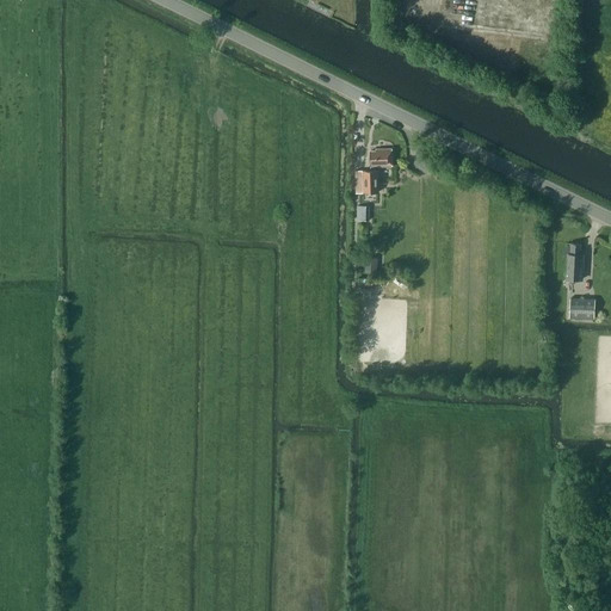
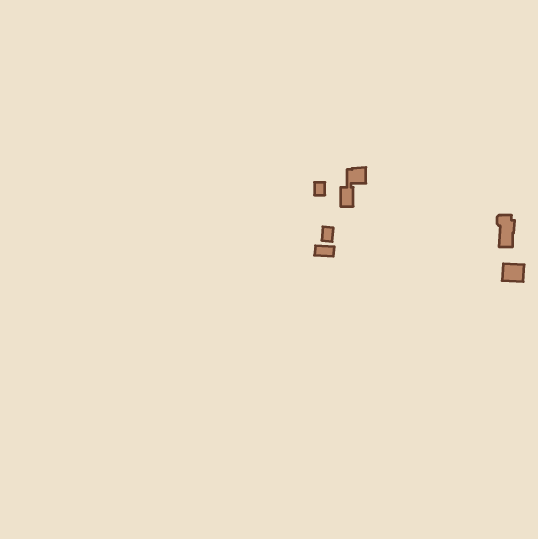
building: [363,148,391,192] -> [341,167,366,206]

